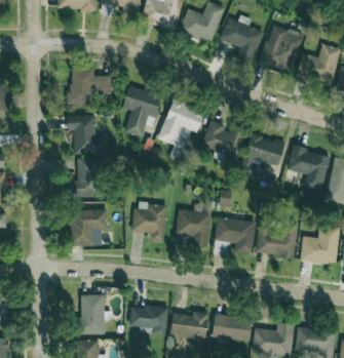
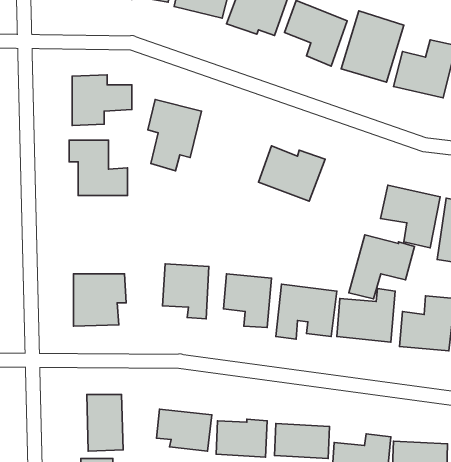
building: [159,101,205,157] -> none
building: [239,133,285,178] -> [349,235,414,299]
building: [71,157,103,197] -> none

